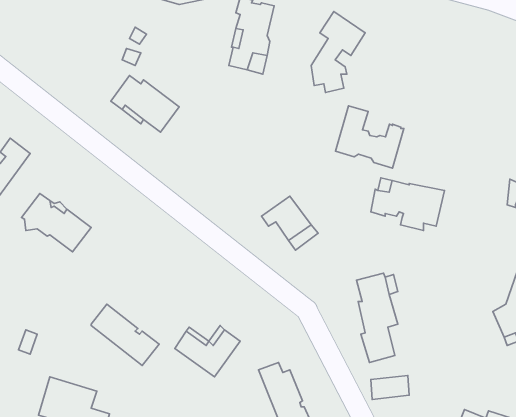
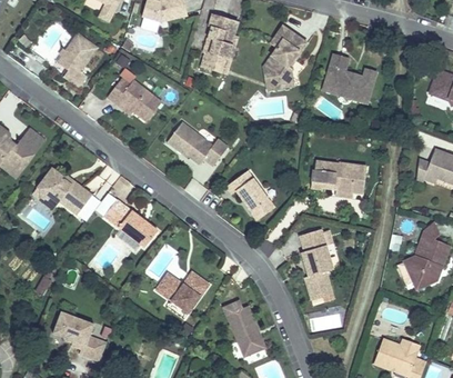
building: none -> [57,33,97,88]
building: [336,106,404,168] -> [323,54,376,103]
building: none -> [168,122,228,166]
building: [91,304,159,365] -> [104,200,158,248]

